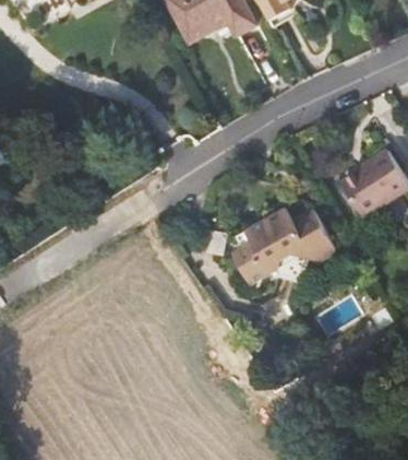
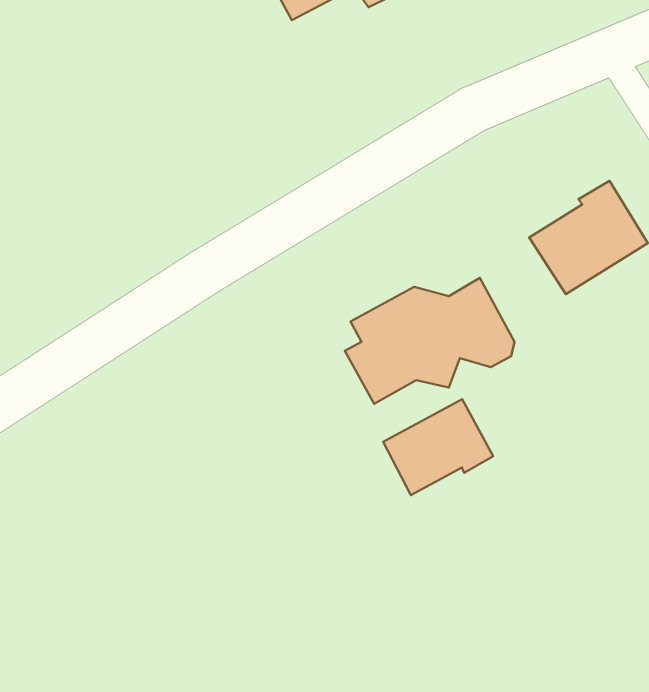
building: none -> [383,399,493,495]

